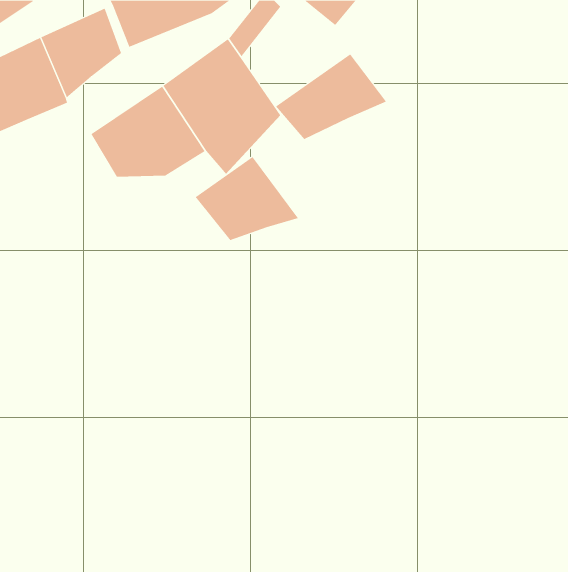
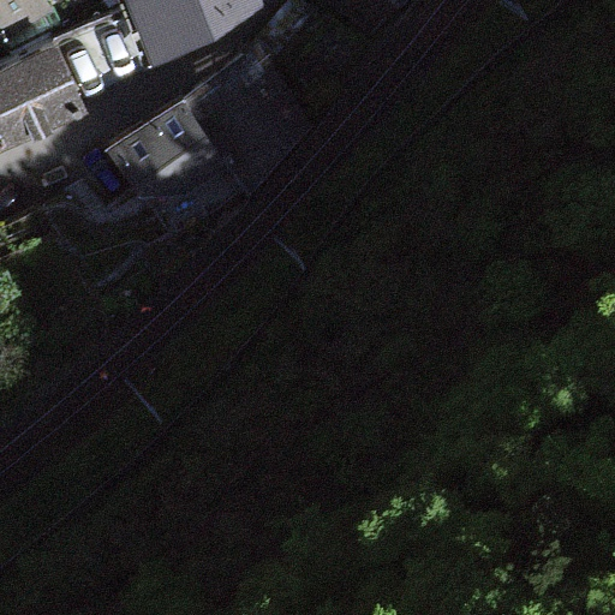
building: [275,53,387,140] -> none
building: [195,156,299,241] -> none

